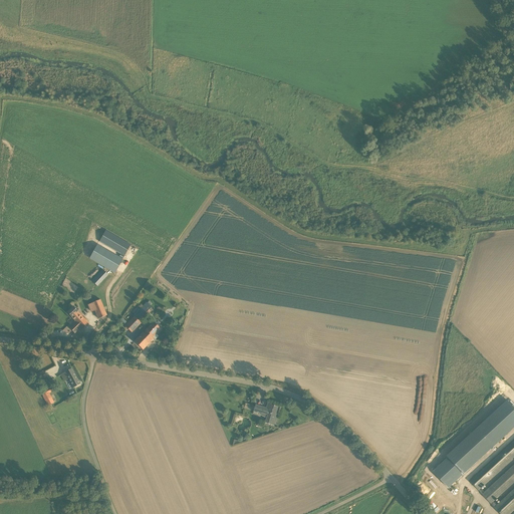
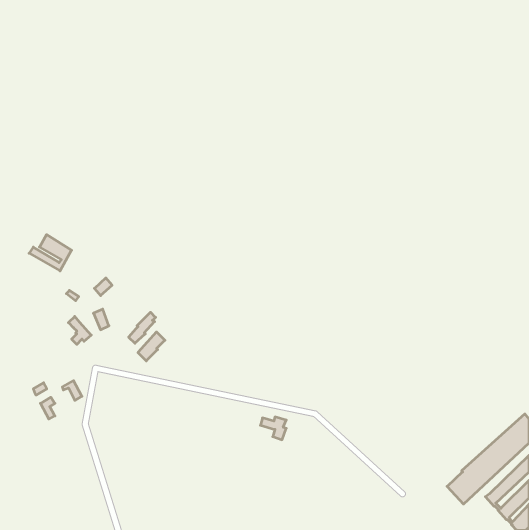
building: [88,230,130,265] -> [29,235,72,271]

